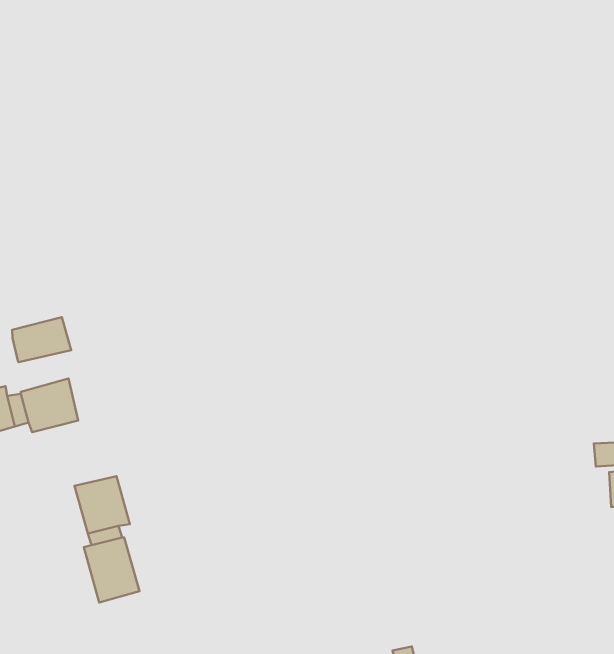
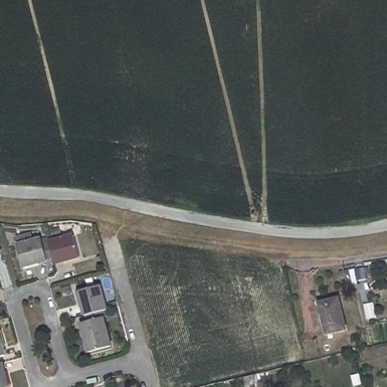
building: [12,317,71,362] -> none
building: none -> [317,297,344,332]

